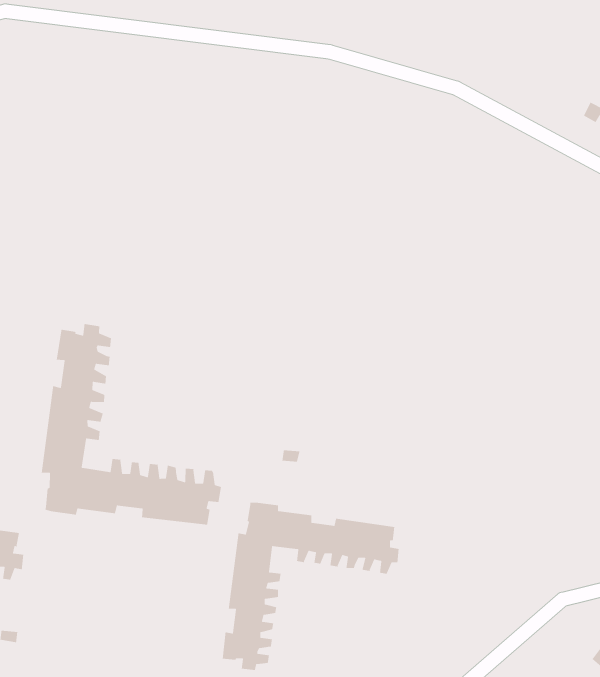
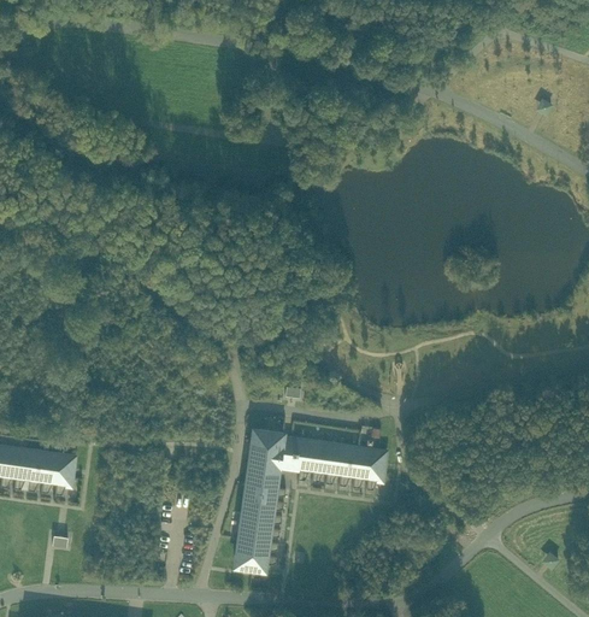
building: [41,323,222,526] -> none

